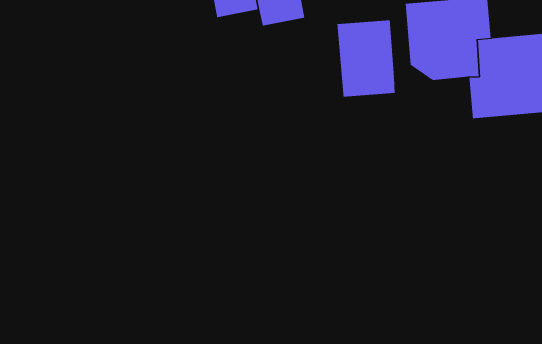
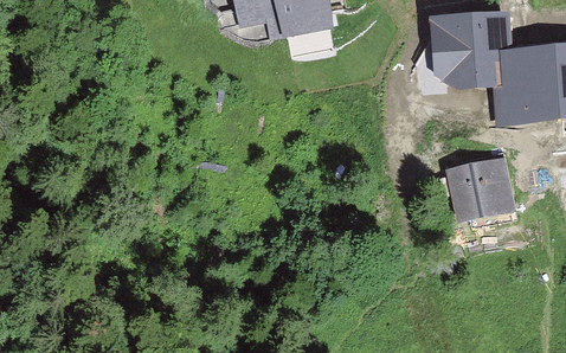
building: [337,19,395,97] -> none
building: none -> [442,156,515,223]

